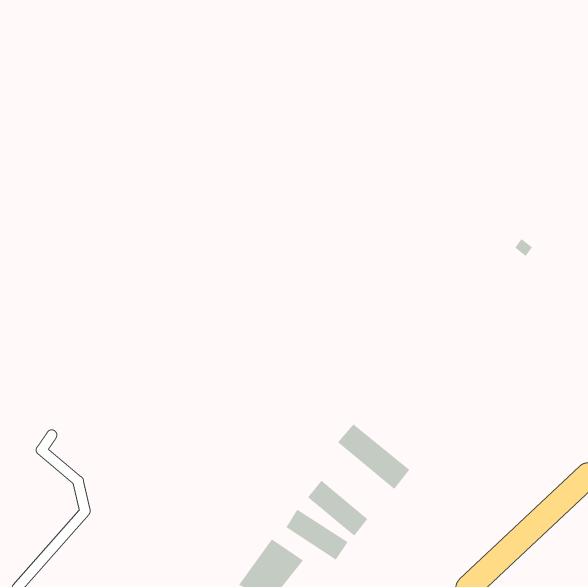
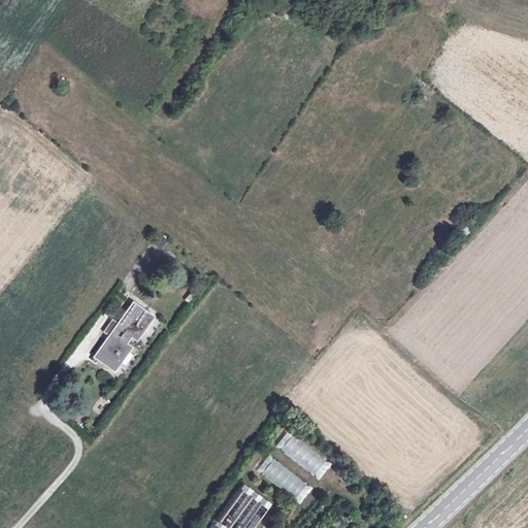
building: none -> [97,306,150,369]
building: [337,424,410,490] -> none

